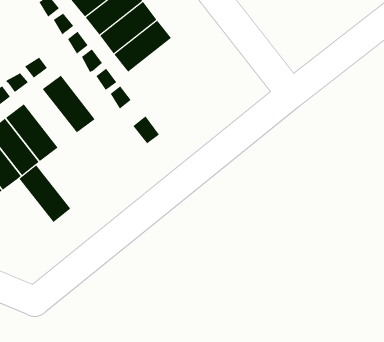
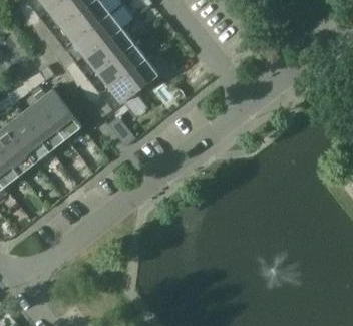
building: none -> [109,59,158,104]
building: [19,164,71,223] -> [22,102,66,151]

